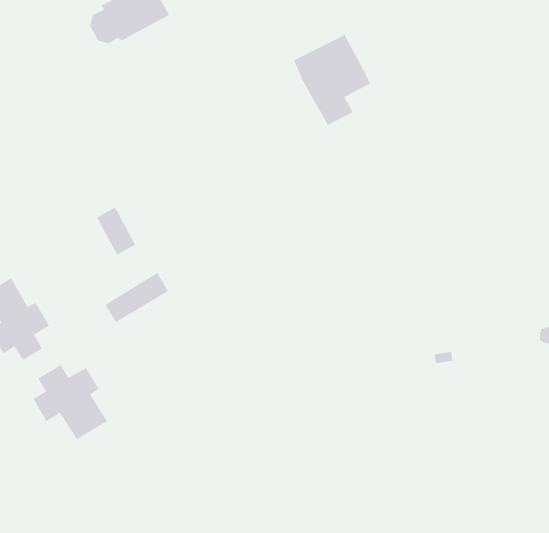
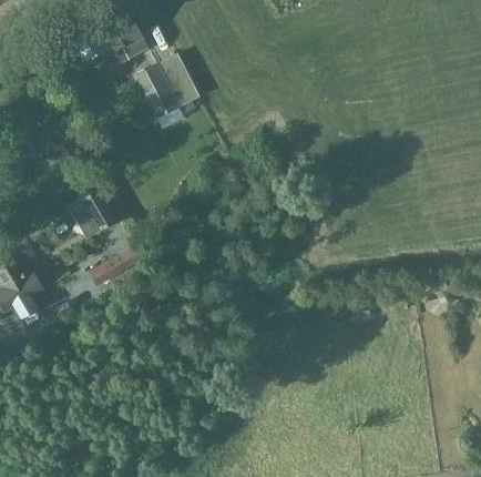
building: [293,34,371,126] -> [133,58,196,132]
building: [33,364,108,440] -> none

